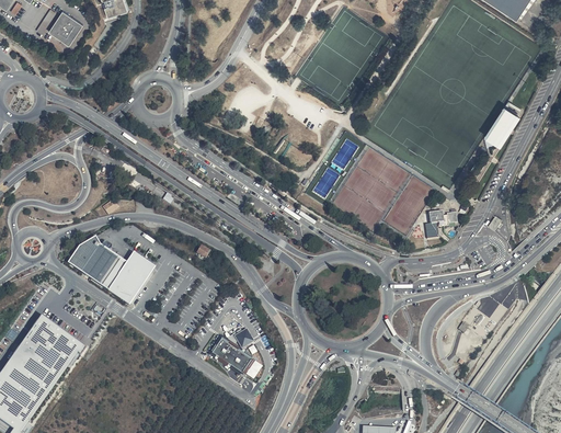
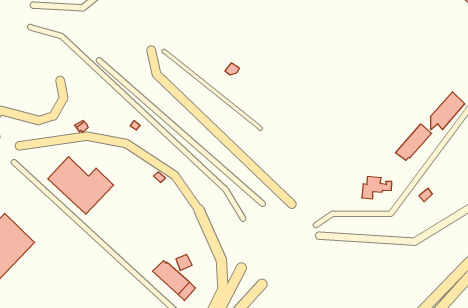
building: none -> [396,124,432,160]
building: [68,233,101,270] -> none

